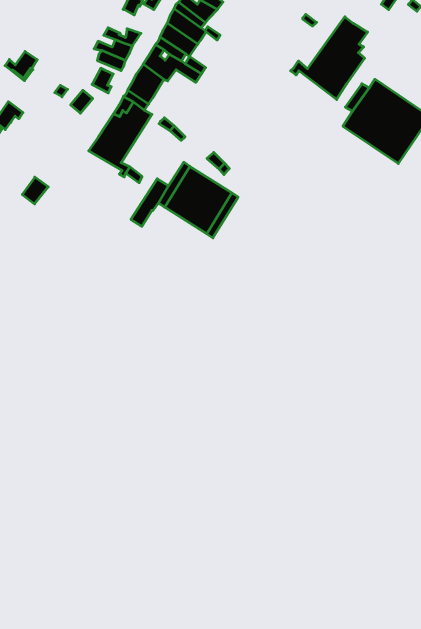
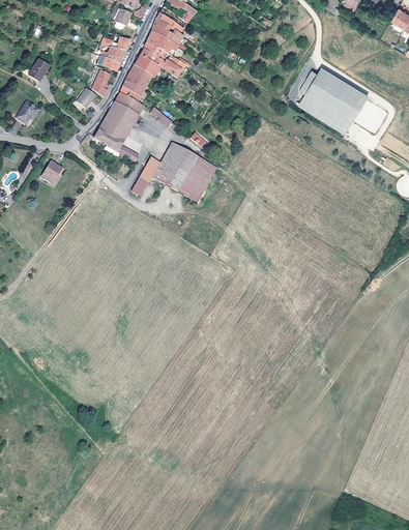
building: [291,17,368,100] -> none

